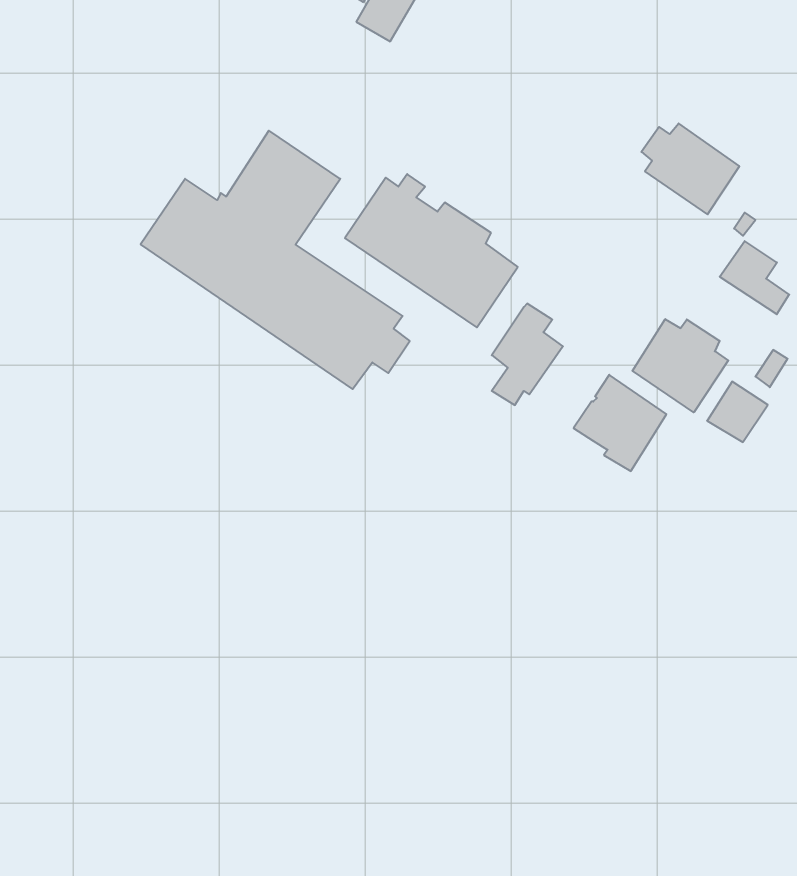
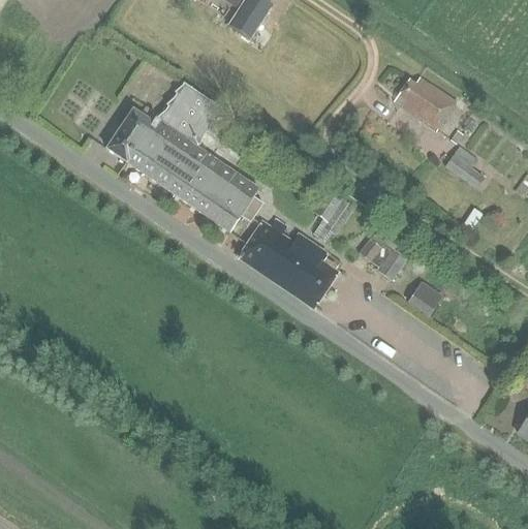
building: [345,174,518,327] -> [239,219,339,308]
building: [632,319,728,412] -> none
building: [707,382,768,442] -> [406,280,441,315]

